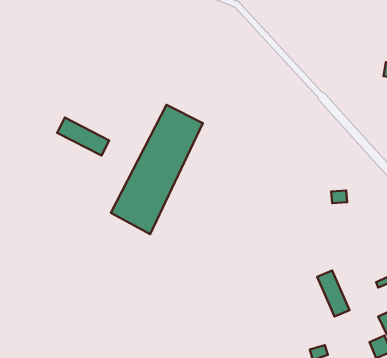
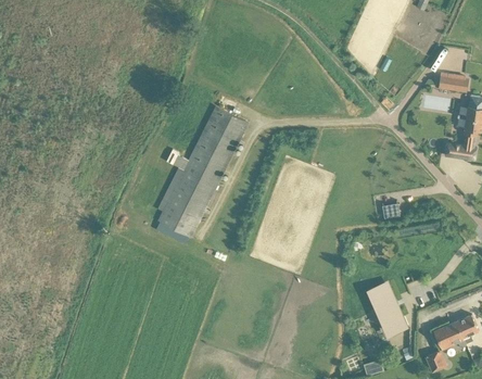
building: [57,118,109,156] -> none

